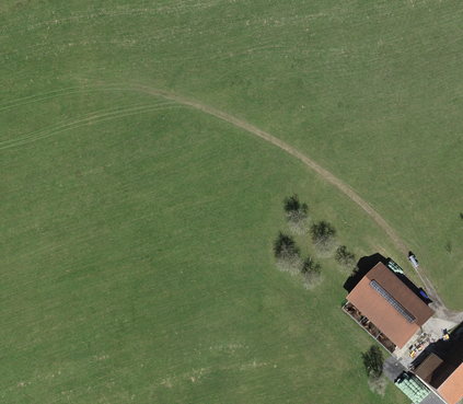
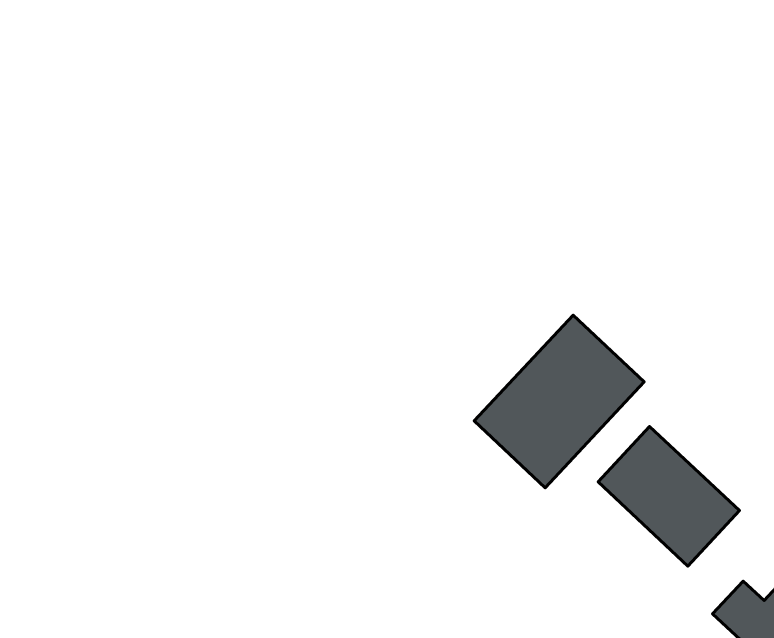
building: none -> [474,315,644,488]

